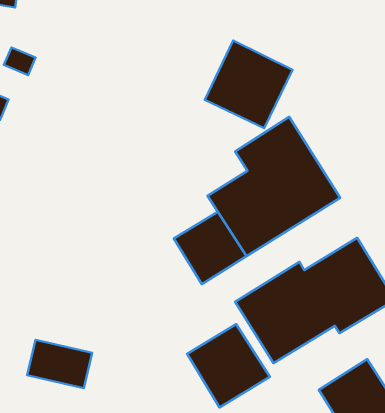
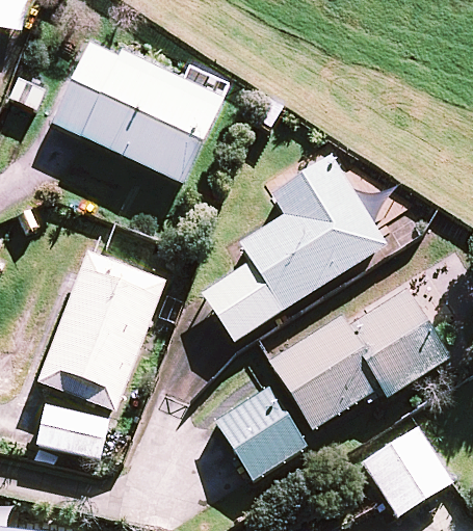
building: none -> [53,43,222,183]
building: [205,41,293,128] -> none
building: none -> [37,249,166,410]

